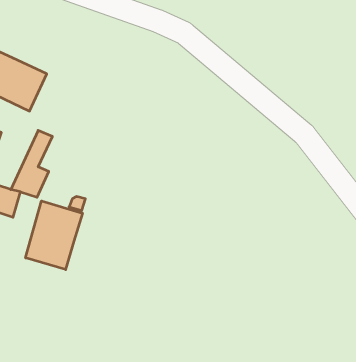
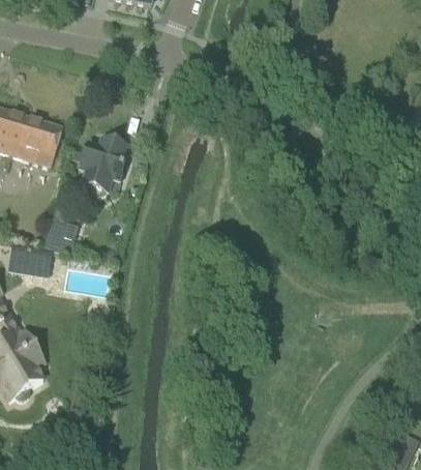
building: none -> [81,138,128,197]
building: [26,201,82,270] -> none

